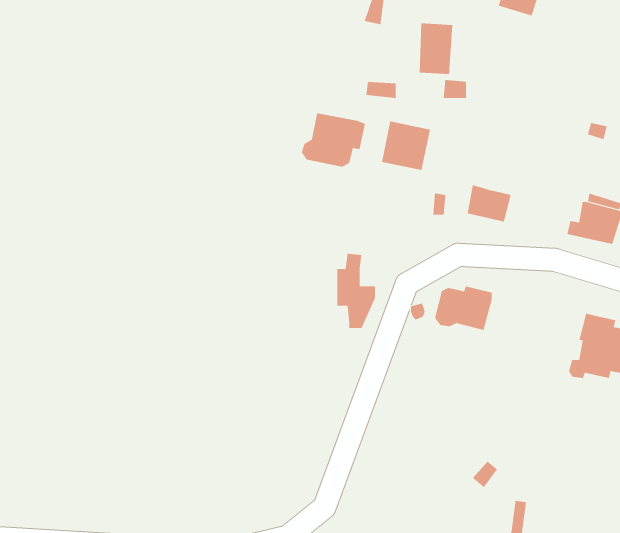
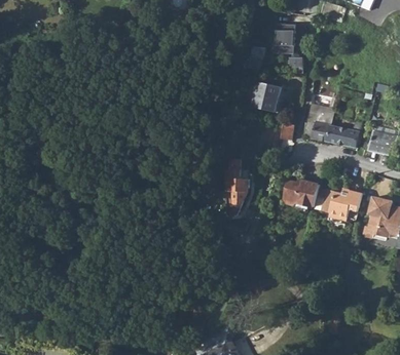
building: [301,113,365,168] -> none
building: none -> [326,120,361,148]
building: none -> [313,188,362,222]

